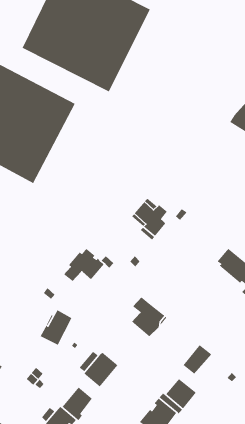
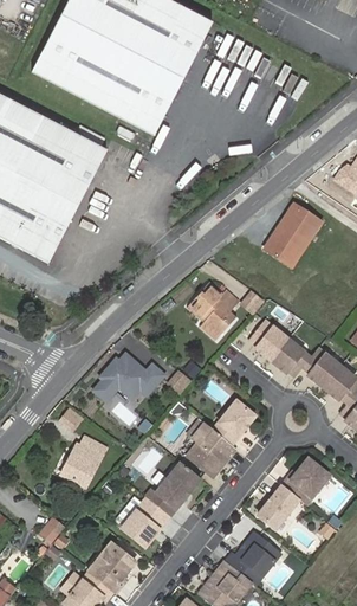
building: none -> [262,204,320,267]
building: none -> [251,322,322,378]
building: none -> [214,401,255,444]
building: none -> [281,458,329,504]
building: none -> [145,462,200,515]

